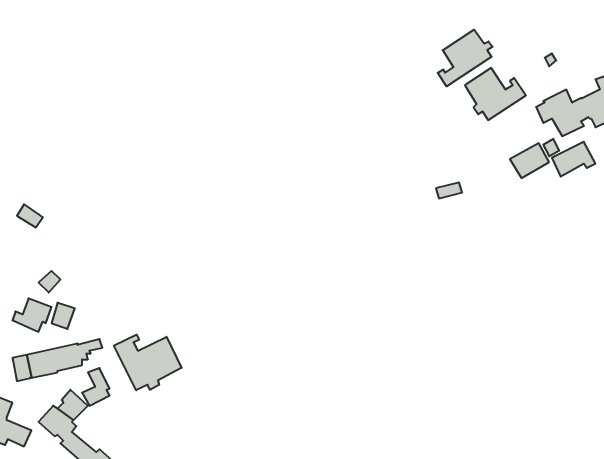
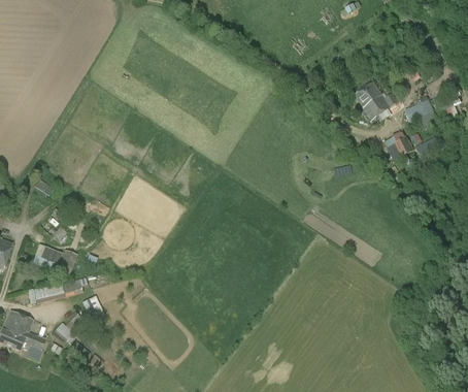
building: [438,30,493,86] -> none
building: [114,335,182,390] -> none

